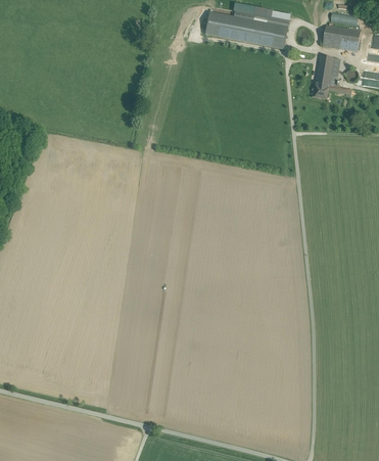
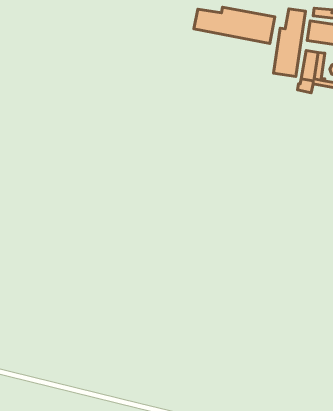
building: none -> [273,9,305,77]

